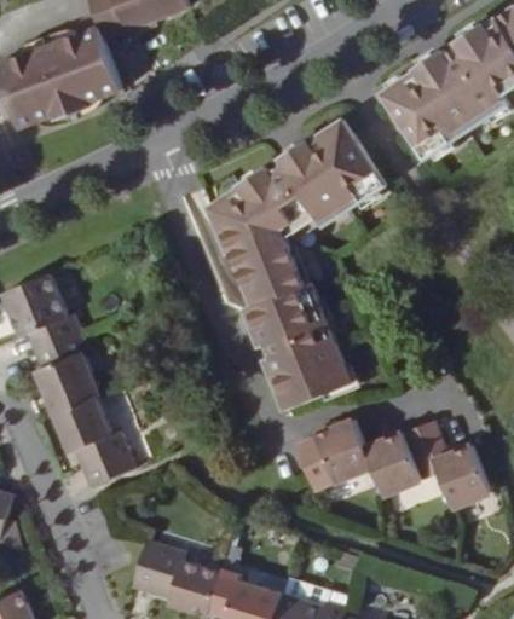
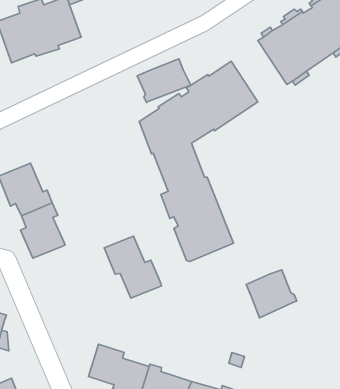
building: none -> [137,59,191,102]
building: [52,394,135,485] -> [104,236,162,298]
building: [296,421,371,486] -> none
building: [415,421,487,510] -> none

